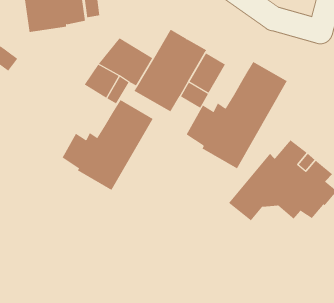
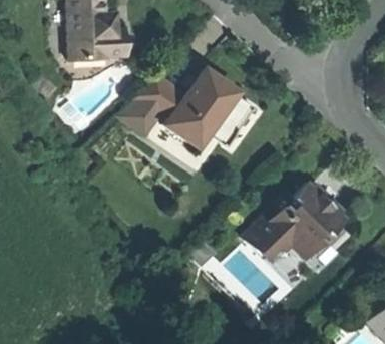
building: [186,61,288,169] -> none
building: [62,99,154,191] -> none

